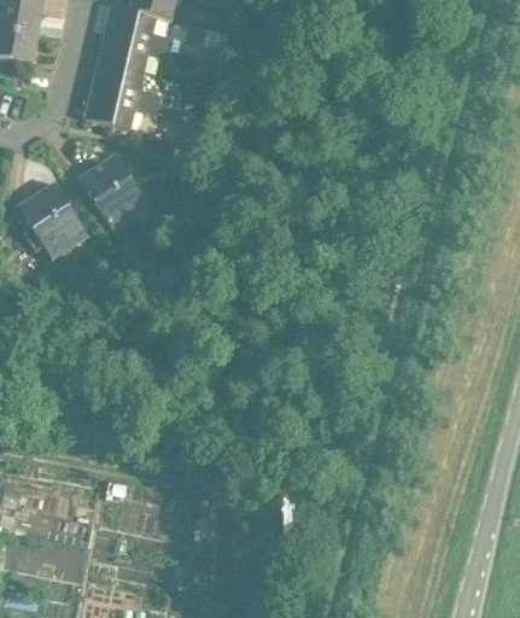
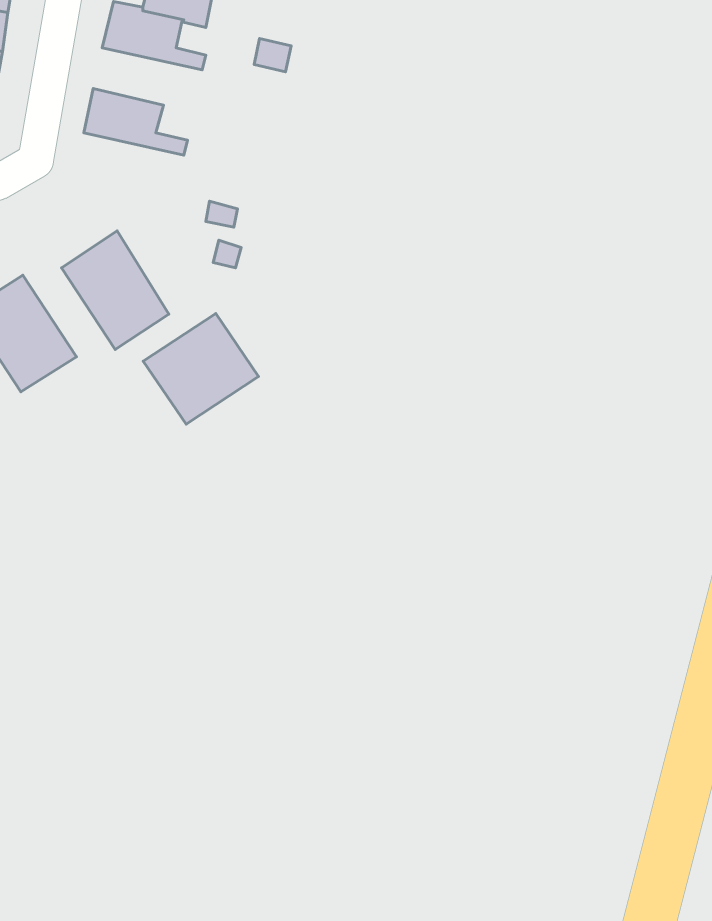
building: [98,34,169,71] -> none
building: [84,89,157,129] -> none
building: none -> [143,313,258,424]

